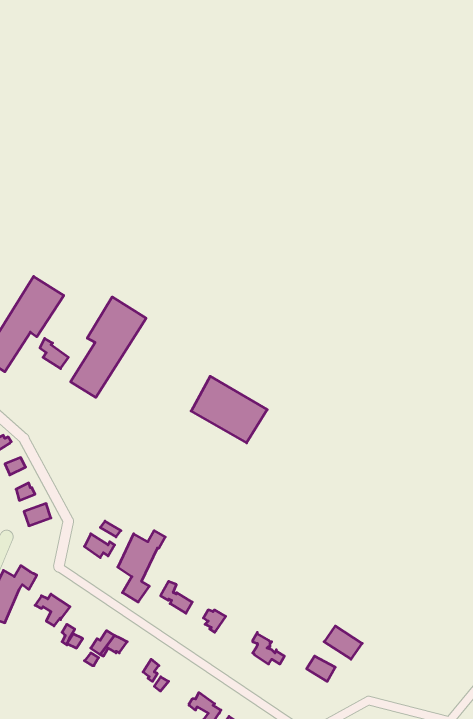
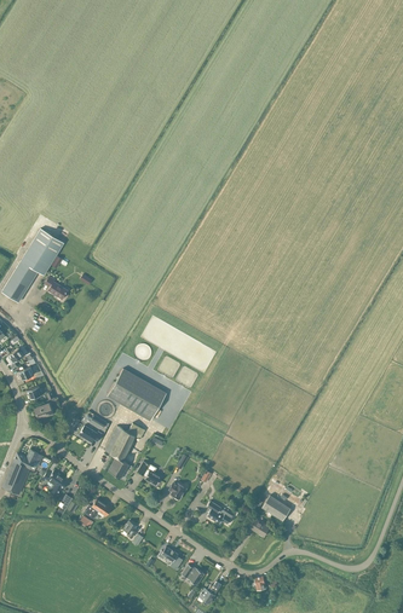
building: [71,297,146,397] -> none
building: [191,376,267,443] -> [108,368,166,418]

